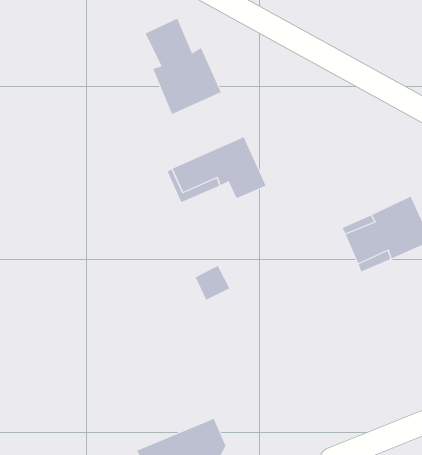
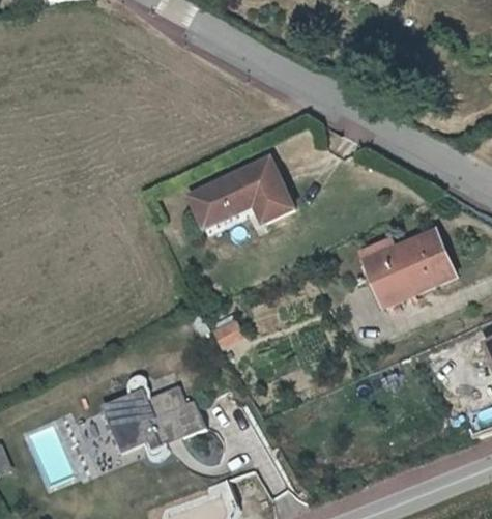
building: [145,18,221,115] -> none
building: none -> [102,382,205,451]

